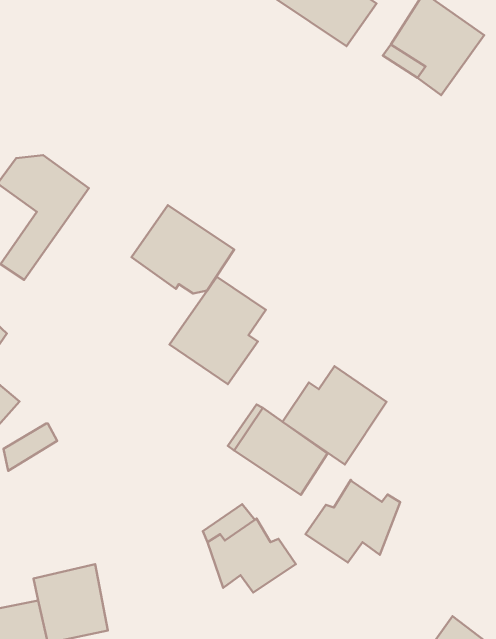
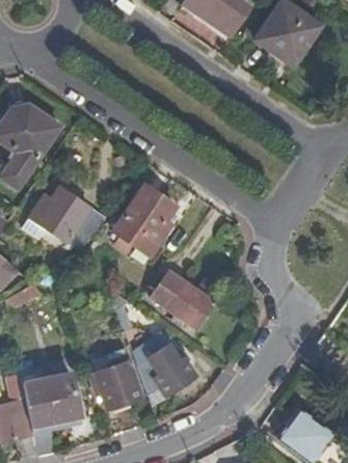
building: [131,205,234,294] -> [35,188,103,246]
building: [283,366,387,464] -> none
building: [306,480,400,562] -> none
building: none -> [90,358,142,408]

